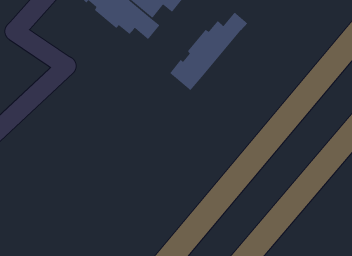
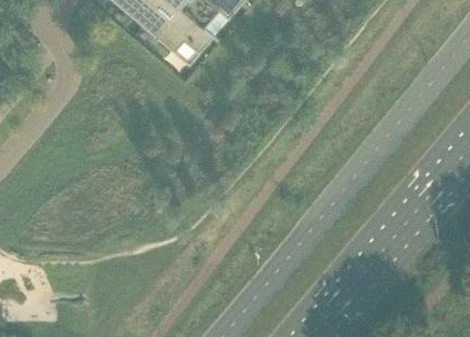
building: [169,11,248,91] -> none

